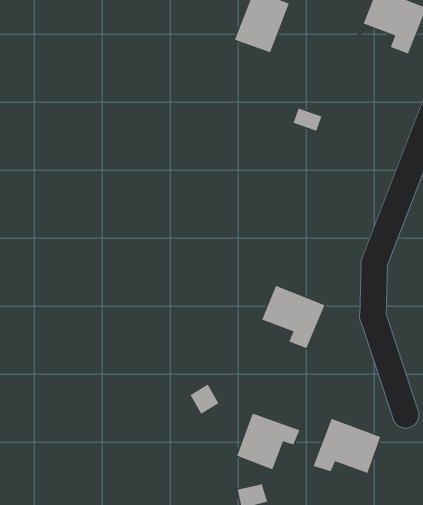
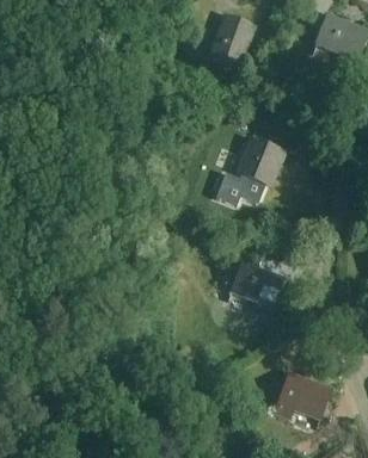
building: none -> [215,138,283,205]
building: [236,412,301,474] -> none

